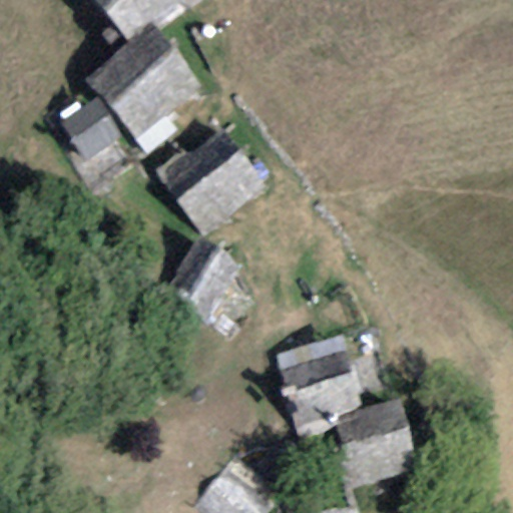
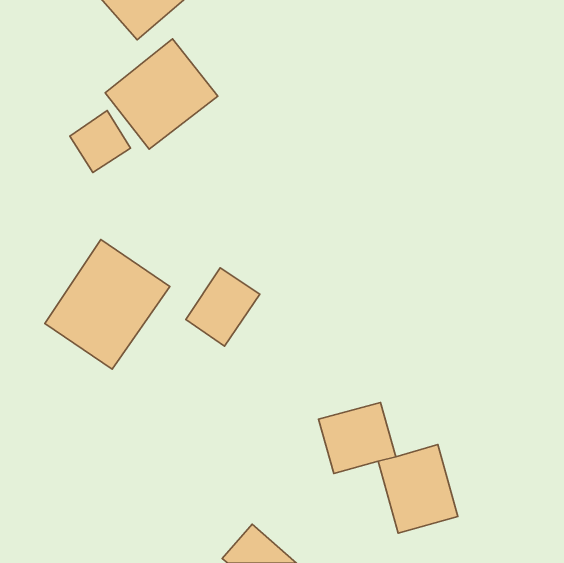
building: [164,133,253,217] -> none
building: none -> [45,240,170,369]

